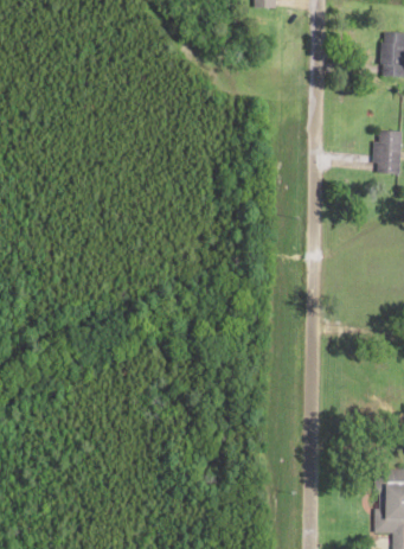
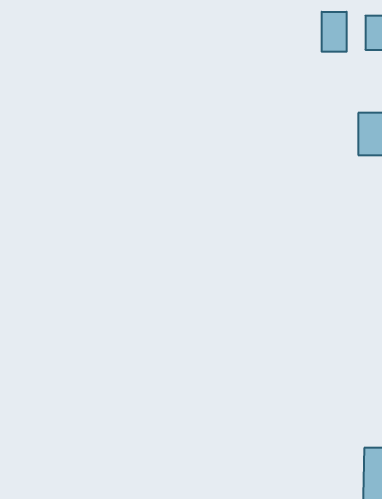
building: none -> [322,12,347,52]

